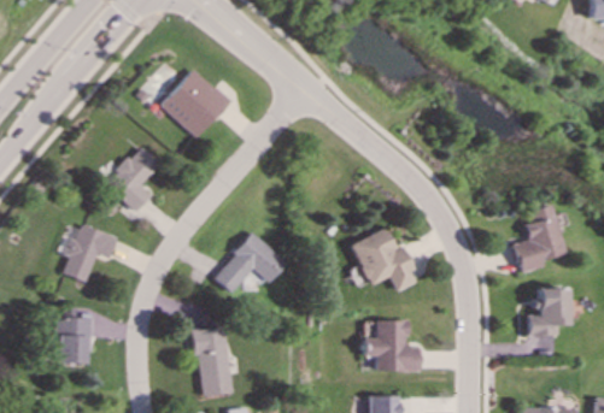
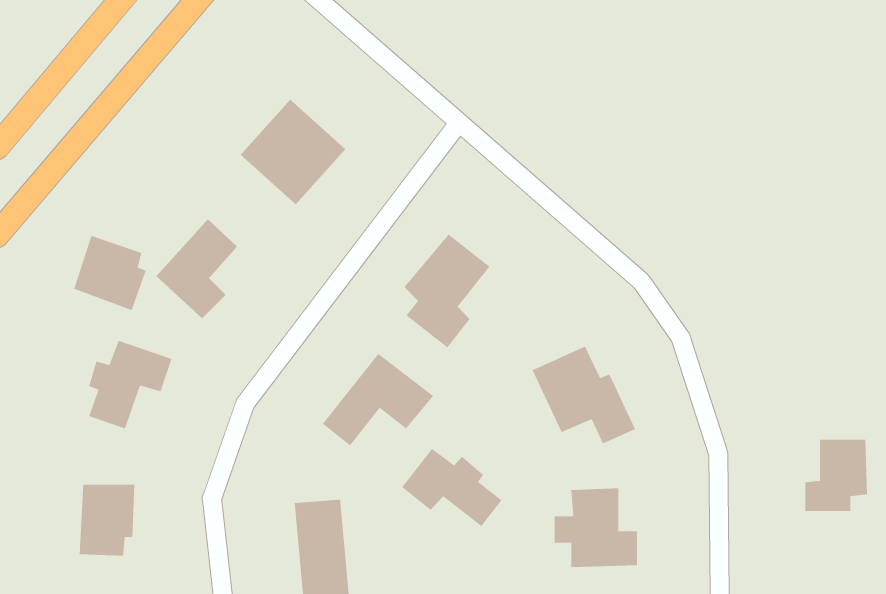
building: none -> [403,233,490,349]
building: none -> [73,235,147,311]
building: [511,203,564,272] -> none
building: none -> [401,448,503,527]

